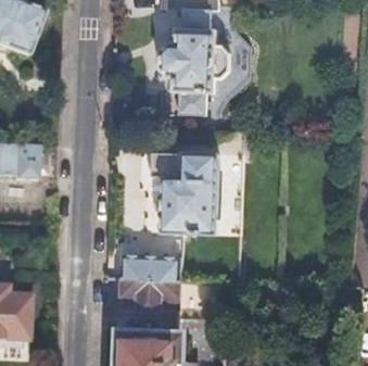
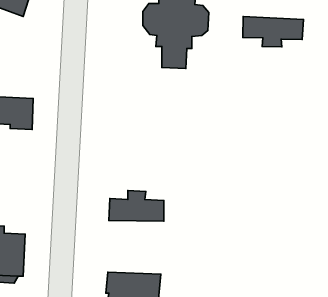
building: none -> [243,17,303,47]
building: [157,152,217,234] -> none
building: [120,277,182,308] -> none

